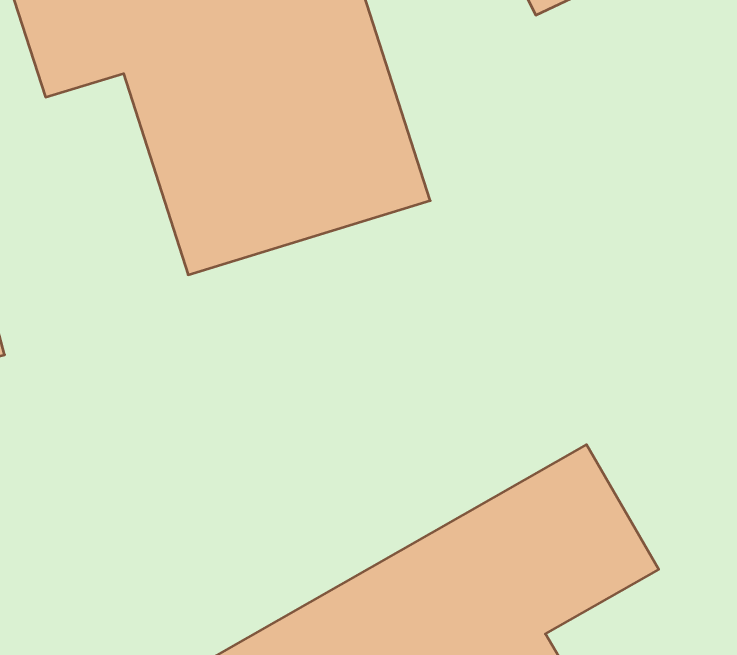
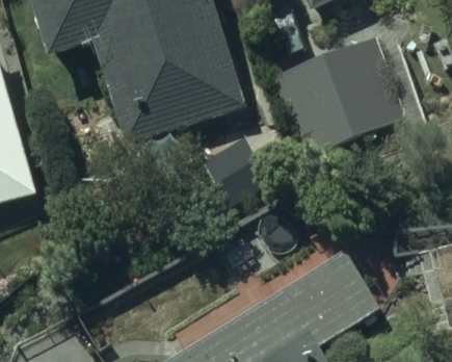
building: none -> [271,37,404,158]

